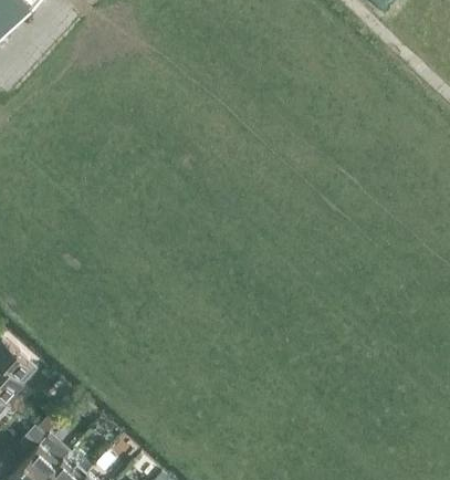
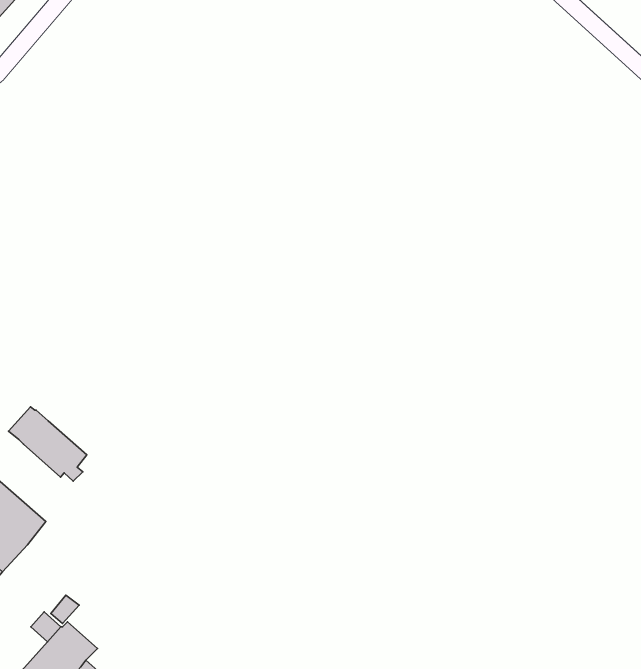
building: none -> [9,407,87,481]

